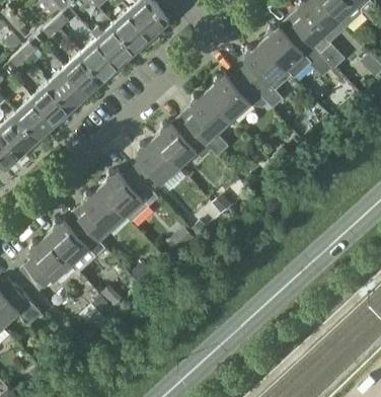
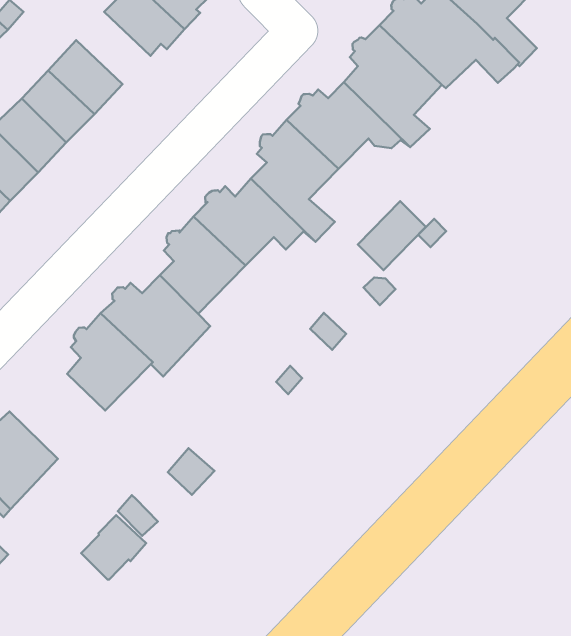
building: [96,24,136,64] -> none
building: none -> [358,201,426,270]
building: [47,218,105,272] -> none

